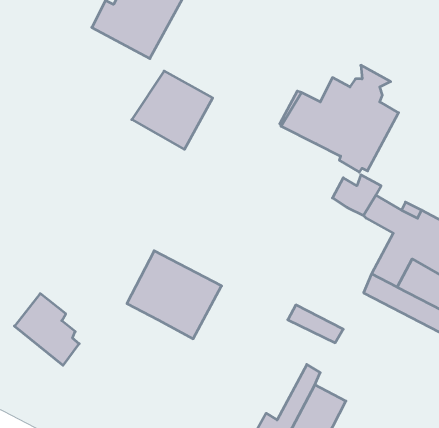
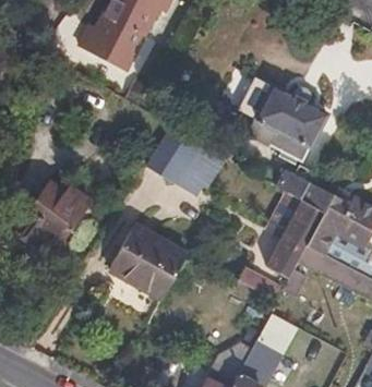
building: [132,71,213,149] -> [147,128,213,191]
building: none -> [266,199,322,277]
building: [14,294,79,365] -> [28,185,81,243]

